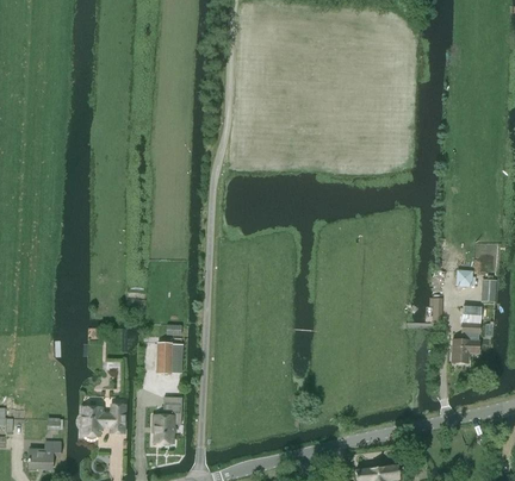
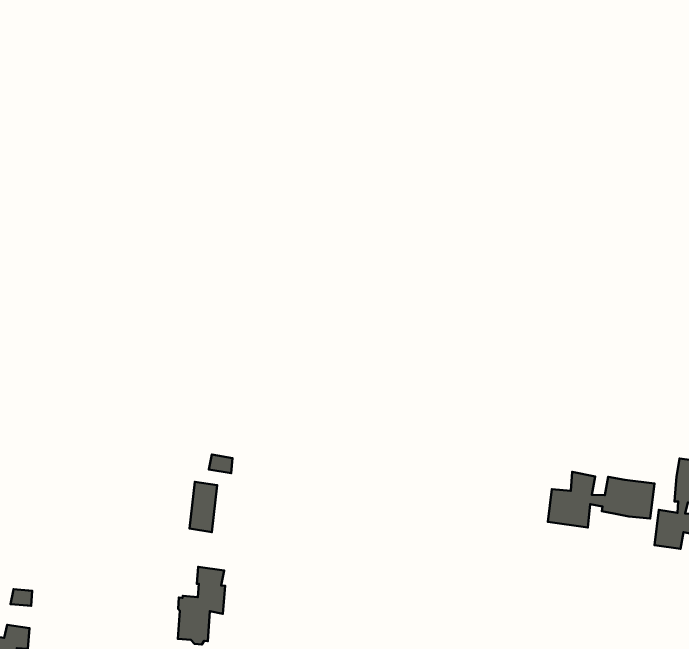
building: none -> [548,472,655,527]
building: [79,405,124,439] -> none

